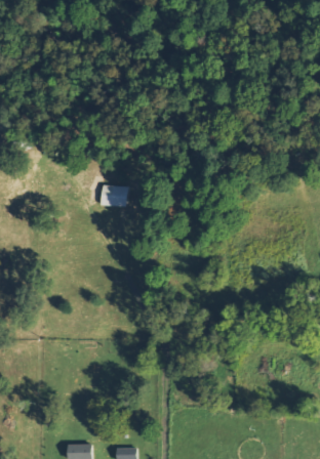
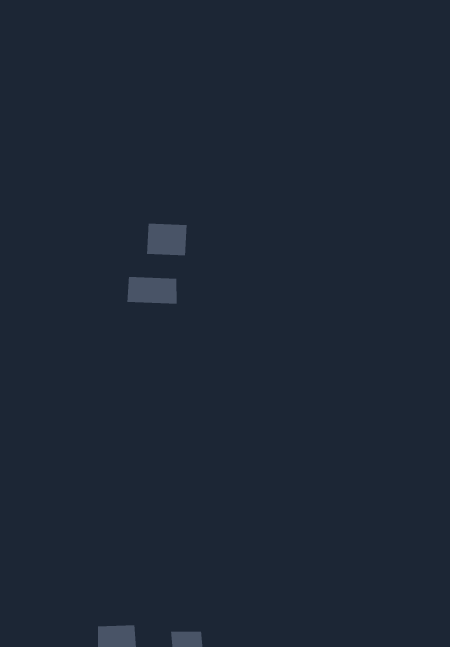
building: none -> [126,276,177,304]

